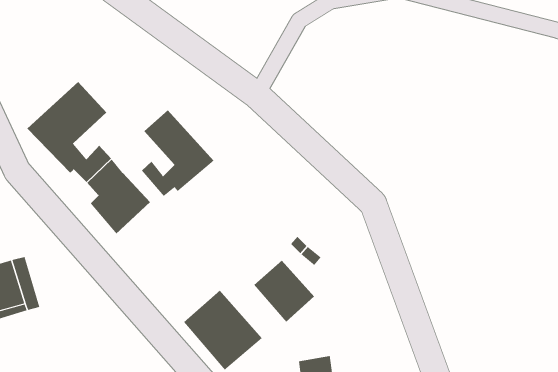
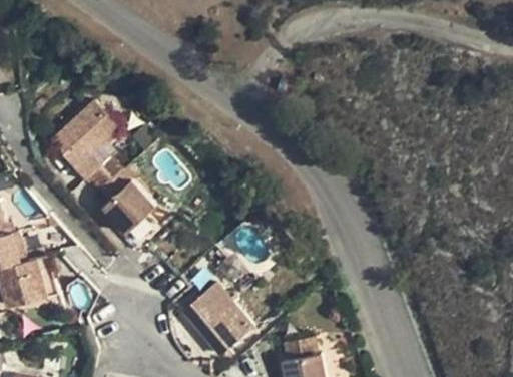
building: [141,109,215,197] -> none
building: [253,260,315,322] -> none

